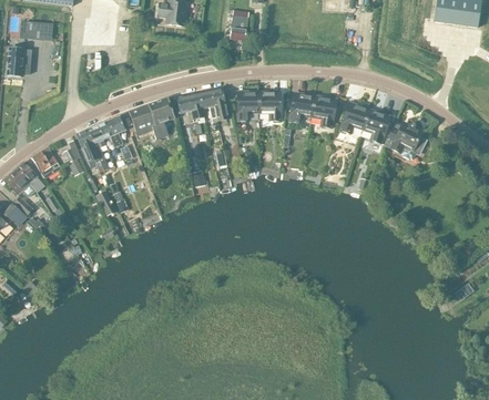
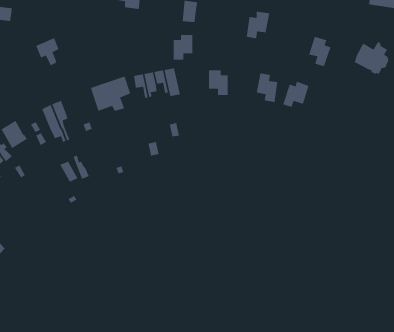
building: [238,91,261,120] -> [173,34,193,60]
building: [291,92,317,123] -> [246,11,270,39]
building: [365,109,390,143] -> [308,36,332,67]
building: [100,115,126,147] -> [35,37,60,67]
building: [387,122,426,158] -> [354,41,389,75]

